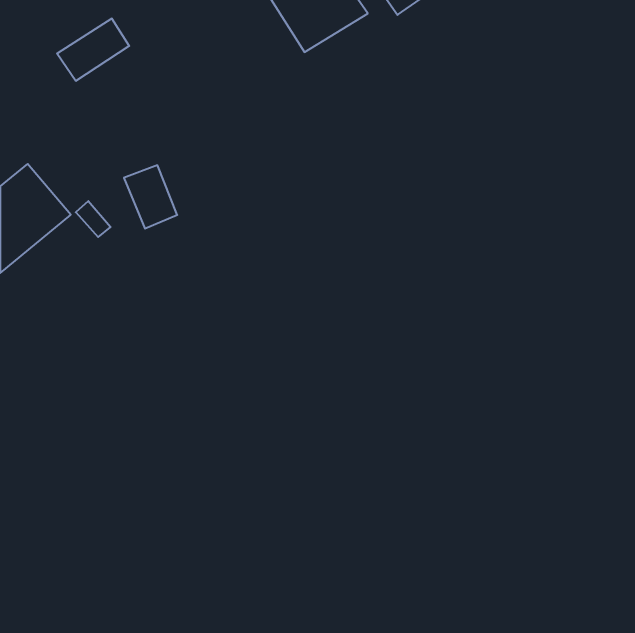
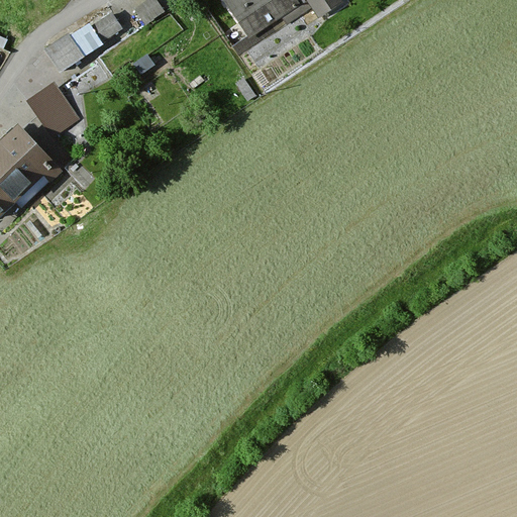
building: [124,165,177,229] -> [34,77,78,128]

